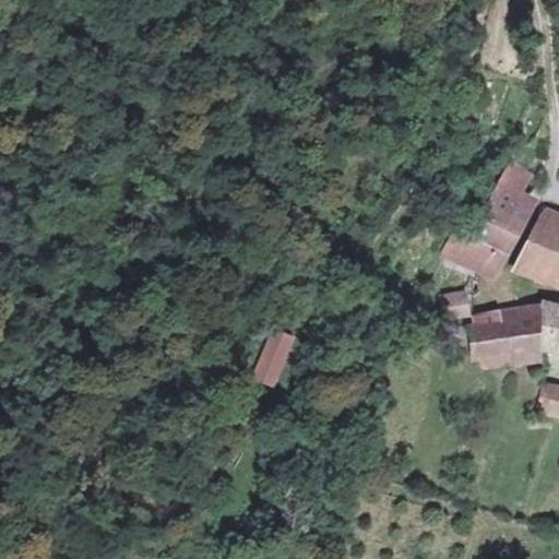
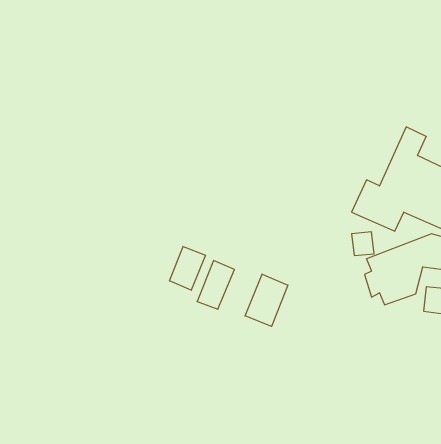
building: none -> [170,246,205,290]
building: none -> [245,274,288,326]

